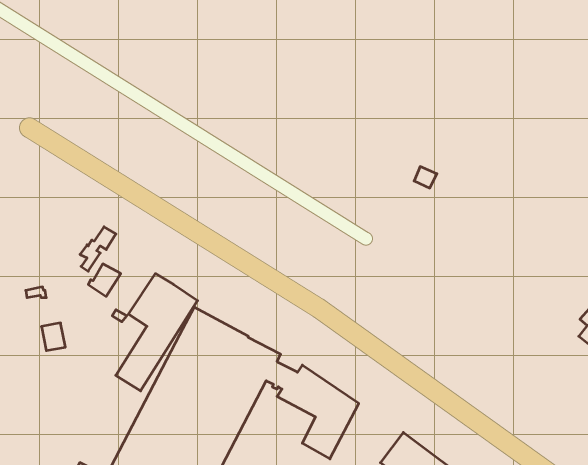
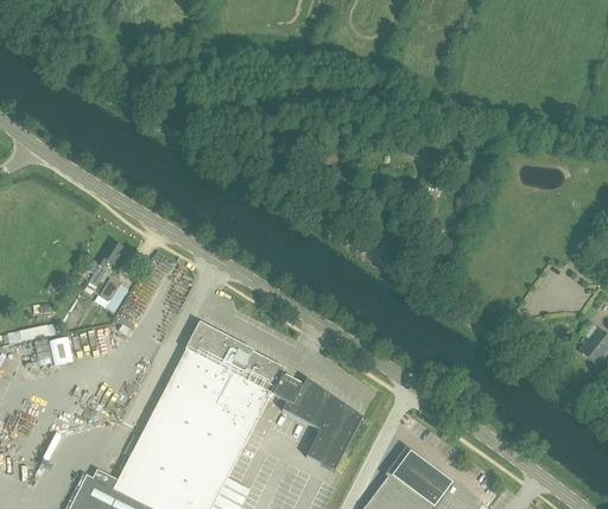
building: [116,274,198,391] -> none

